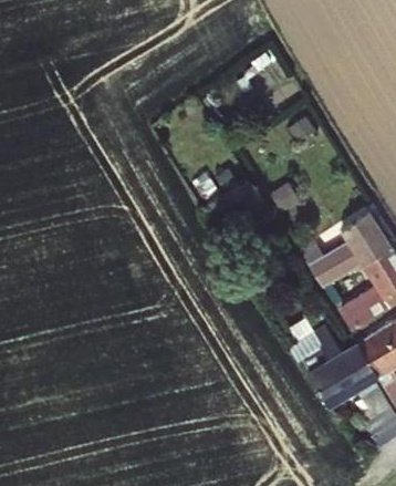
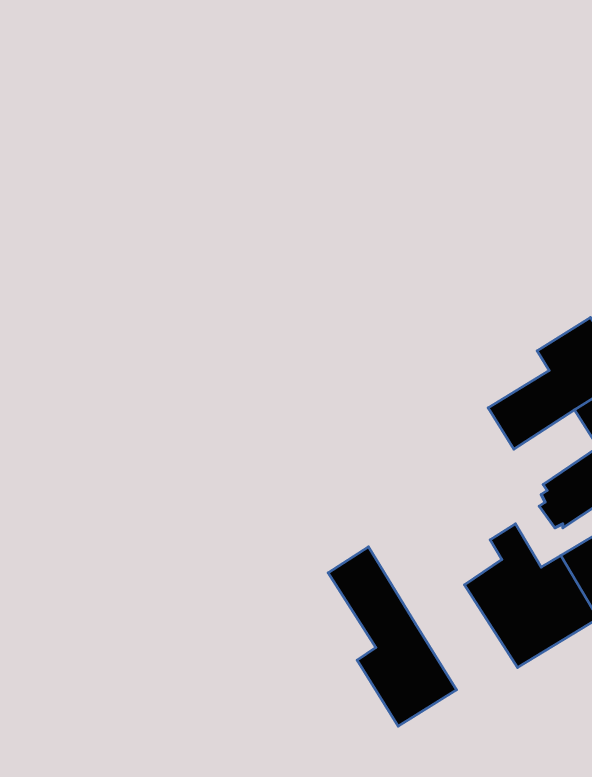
building: none -> [328,547,457,726]

